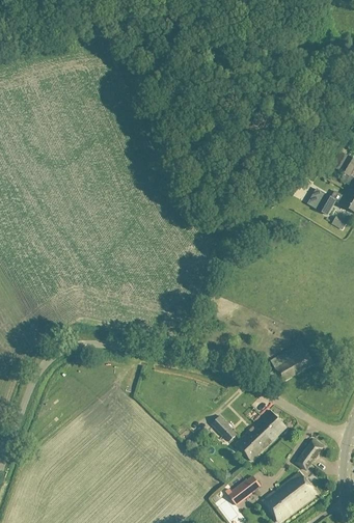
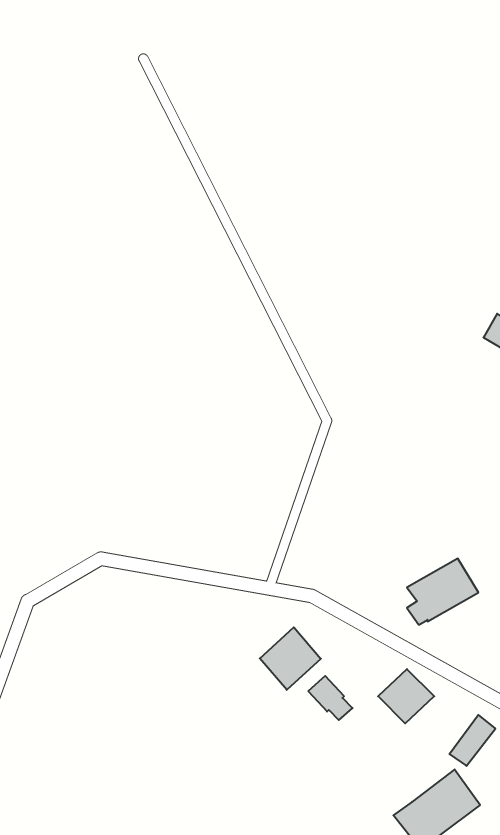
building: none -> [260,627,321,690]
building: [237,426,270,460] -> none
building: [228,475,262,504] -> none

